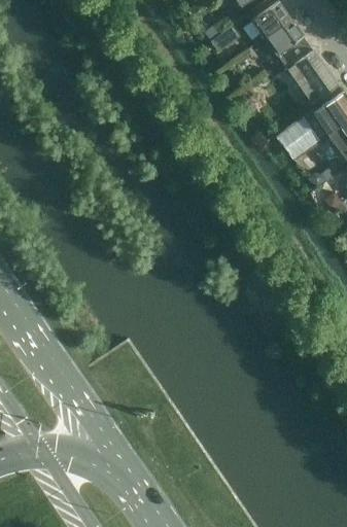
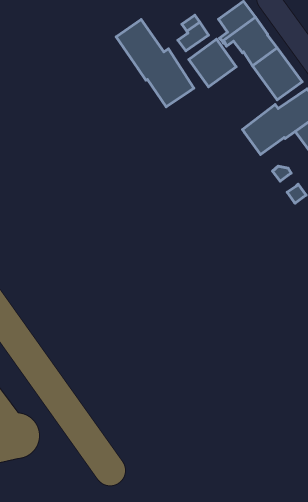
building: none -> [116,19,194,107]
building: none -> [189,39,236,87]

